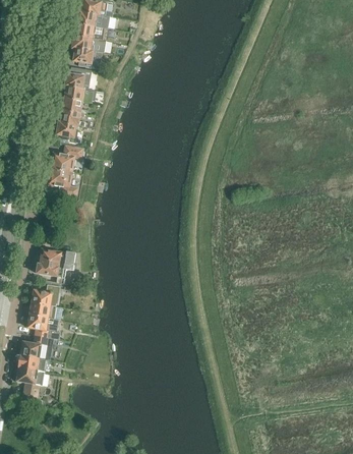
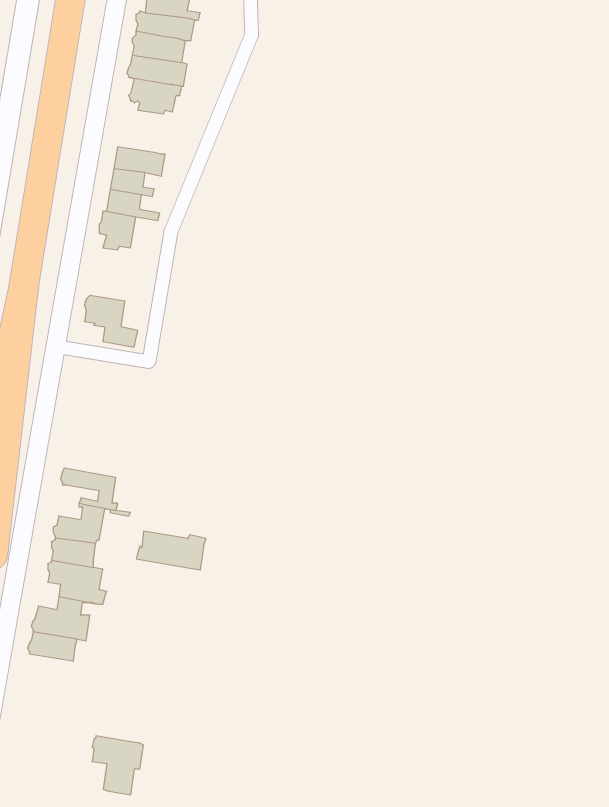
building: [64,66,89,89] -> none
building: [50,145,81,171] -> none
building: [37,248,75,270] -> [136,531,206,570]
building: [15,366,44,399] -> [92,736,144,795]

